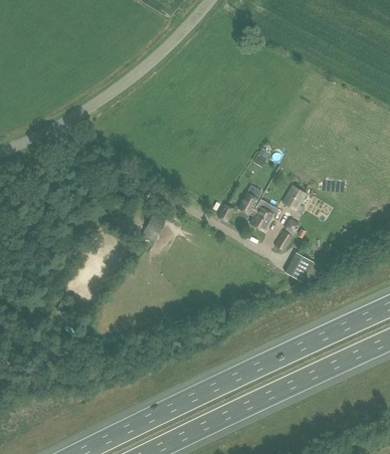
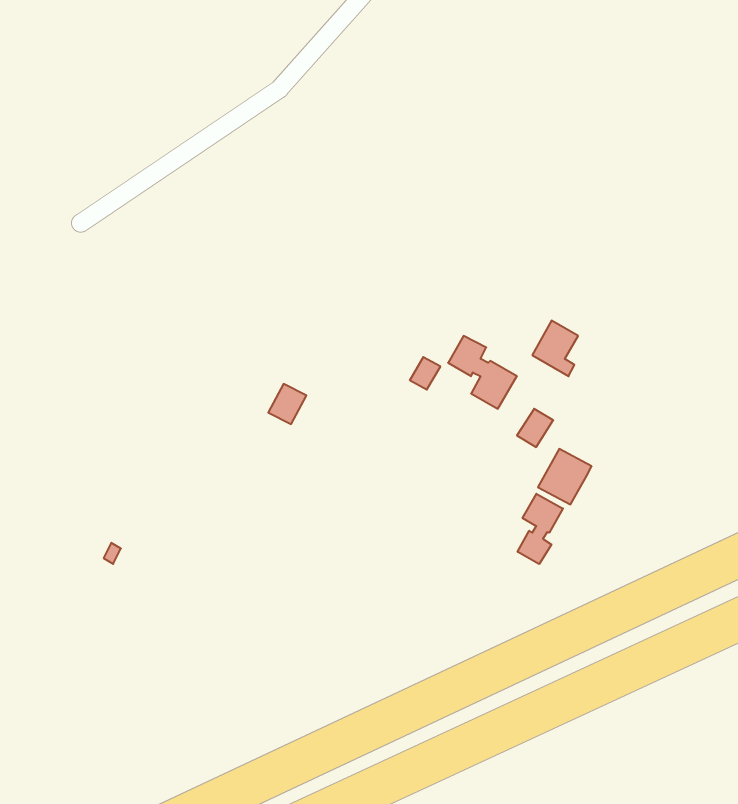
building: none -> [518,494,563,564]

